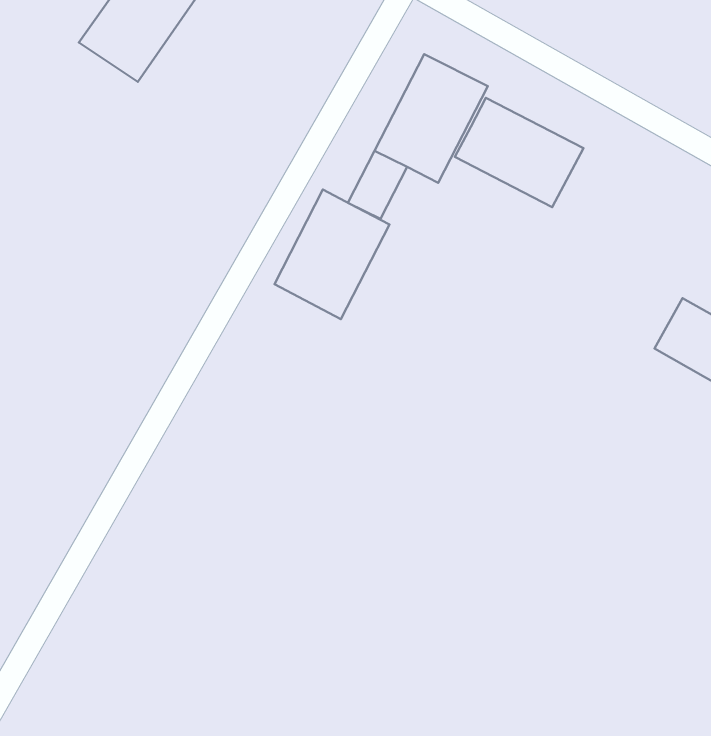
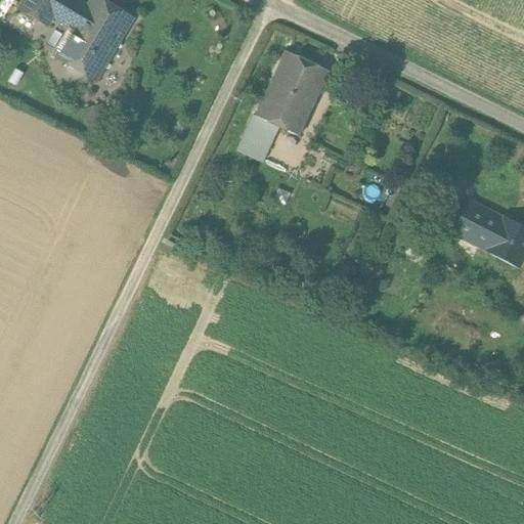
building: [455,98,583,207] -> none
building: [274,189,389,319] -> none

